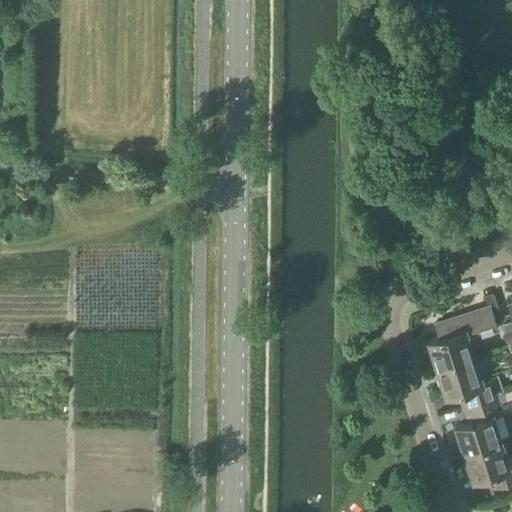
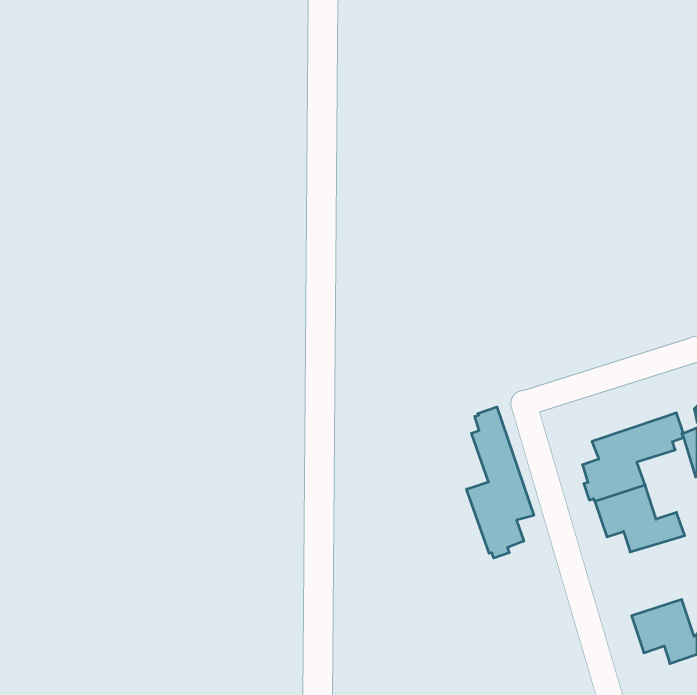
building: none -> [467,407,534,558]
building: [455,394,507,453] -> none

